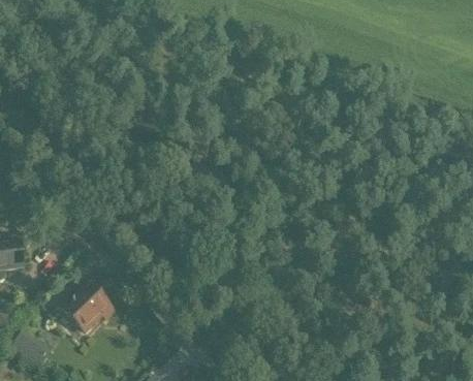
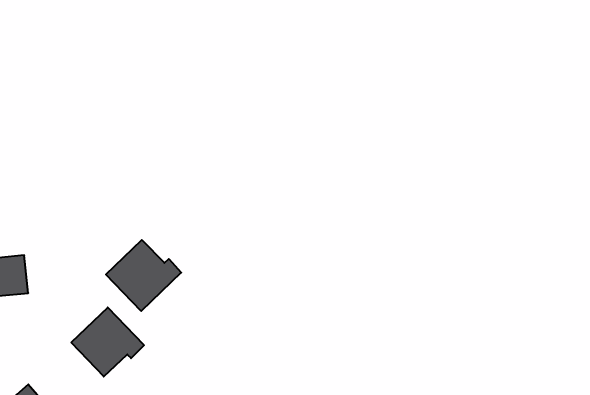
building: none -> [106,240,181,311]

